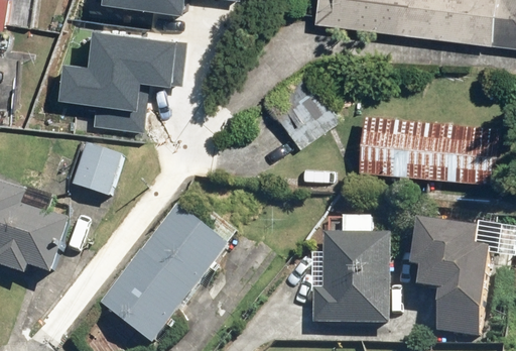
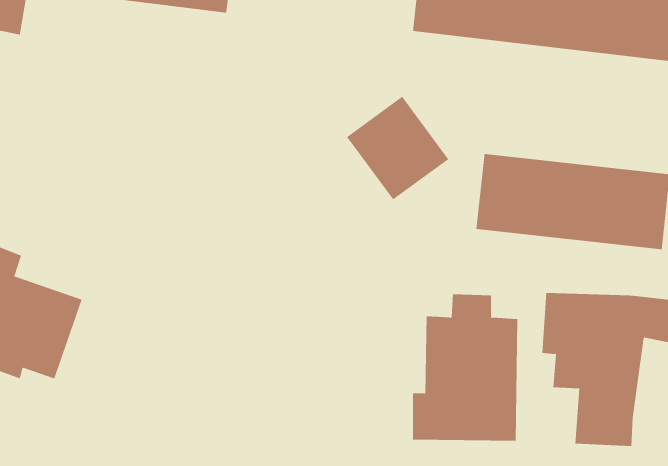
building: [55,32,182,131] -> none
building: [69,139,121,197] -> none
building: [99,202,226,337] -> none

